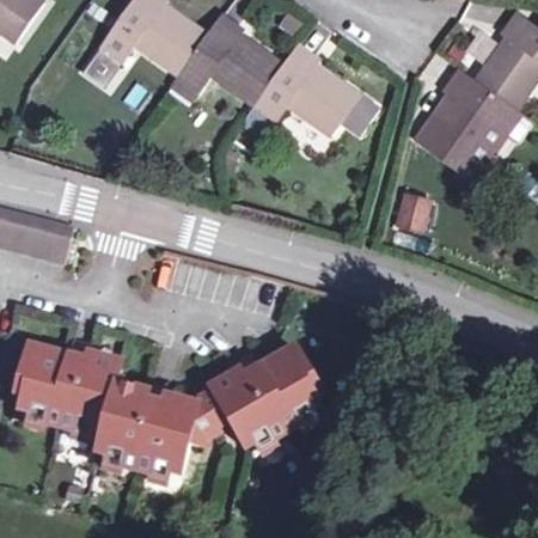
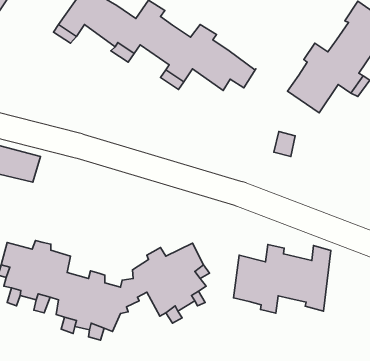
building: none -> [234,245,331,313]

